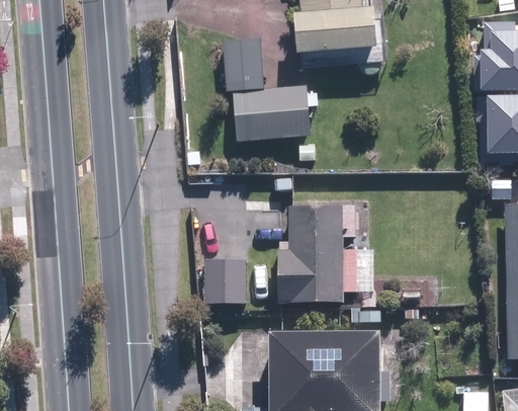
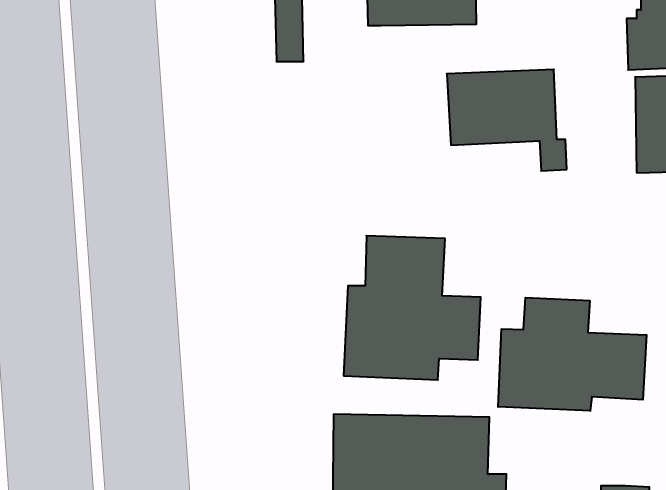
building: [232,87,317,159] -> [447,69,567,171]
building: none -> [498,298,647,411]
building: [204,256,249,303] -> none

